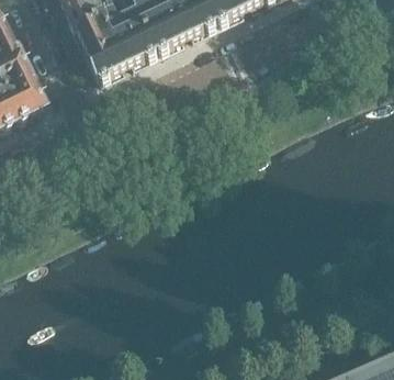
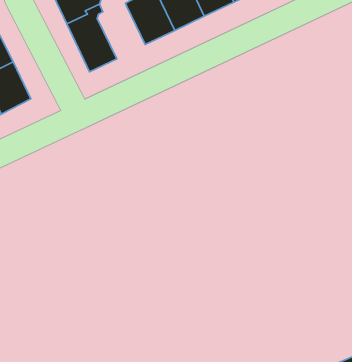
building: [108,10,156,63] -> none

